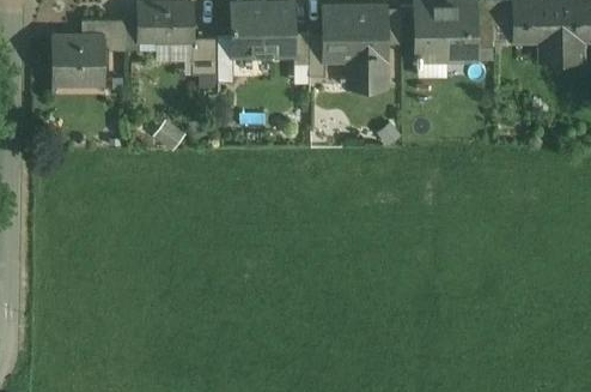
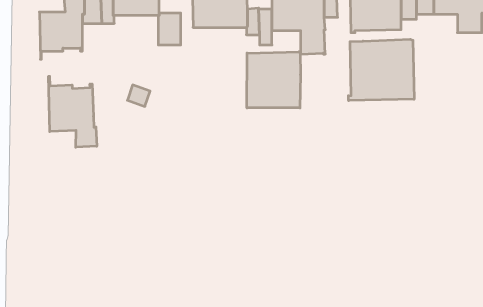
building: none -> [348,39,414,101]
building: none -> [247,52,300,108]
building: none -> [49,76,97,147]

